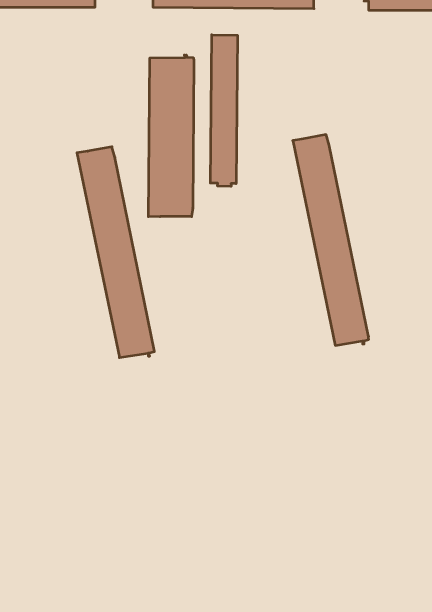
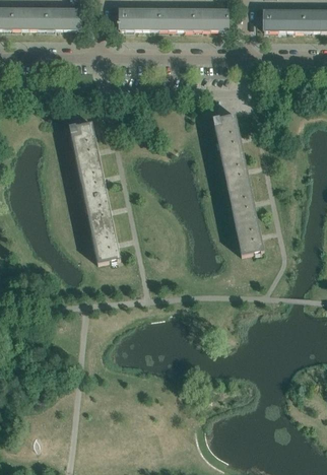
building: [210,35,237,186] -> none
building: [148,55,194,217] -> none

